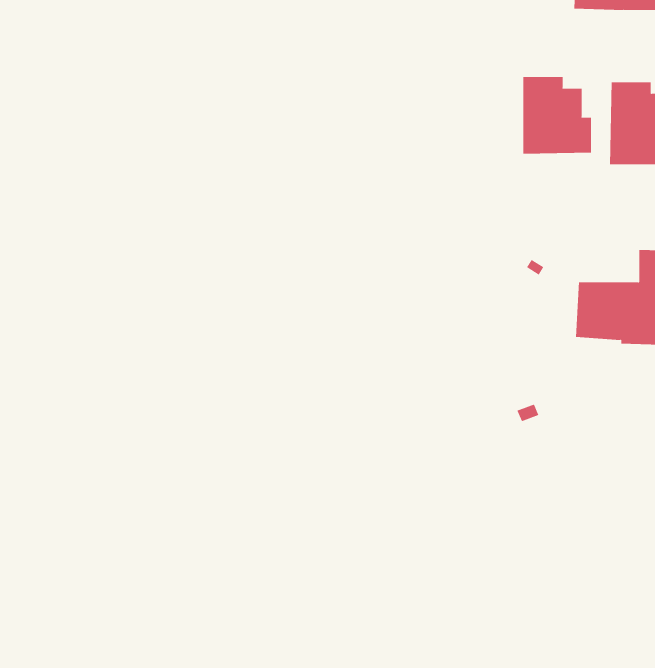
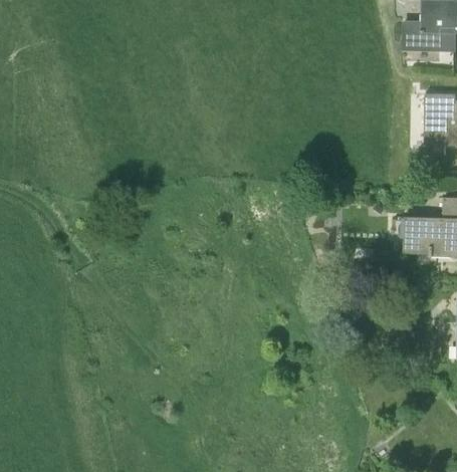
building: [523,76,591,155] -> none

